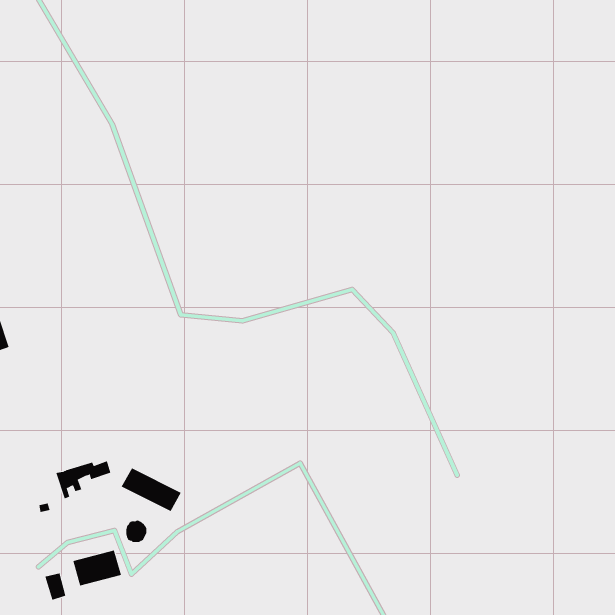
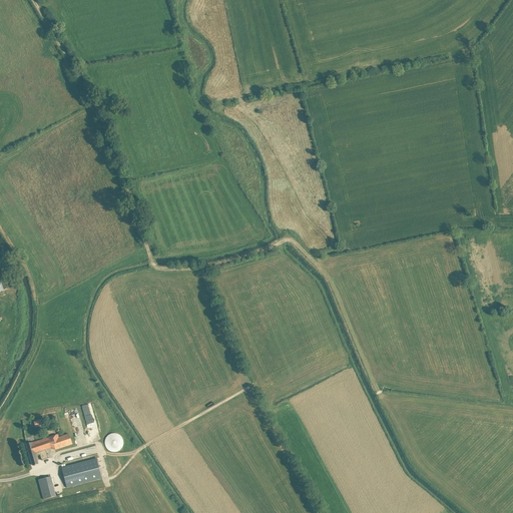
building: [56,461,111,499] -> [25,433,71,465]
building: [121,468,182,512] -> none

